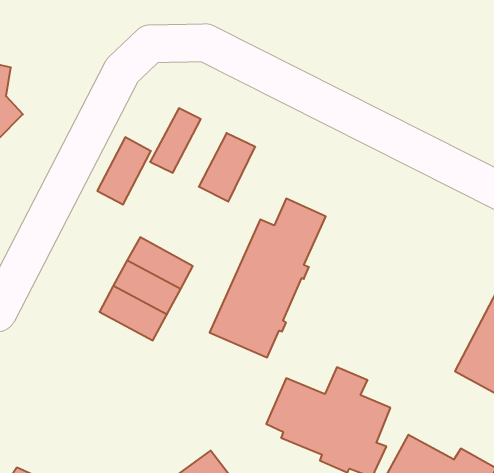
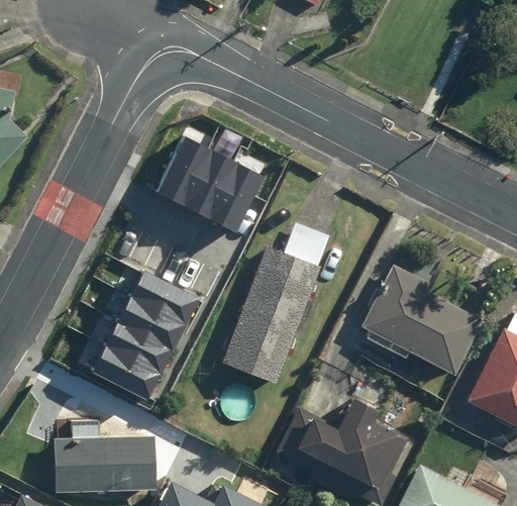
building: [97,137,151,205] -> [180,144,234,213]
building: none -> [359,265,483,378]
building: none -> [91,340,160,396]
building: none -> [51,419,157,493]

